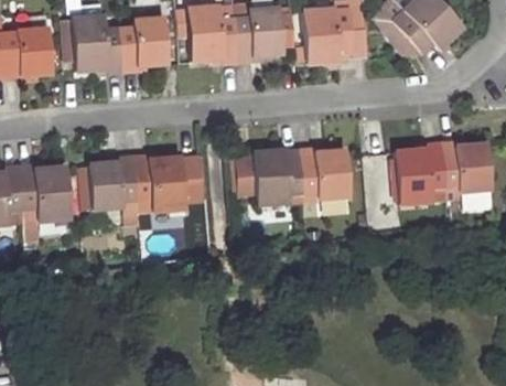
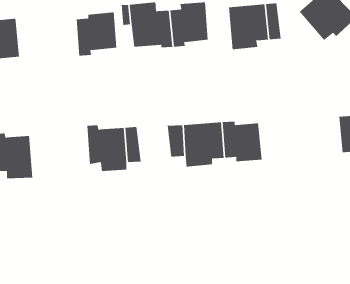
building: [73,14,123,72] -> none
building: [397,144,445,205] -> none
building: [87,156,137,211] -> none

